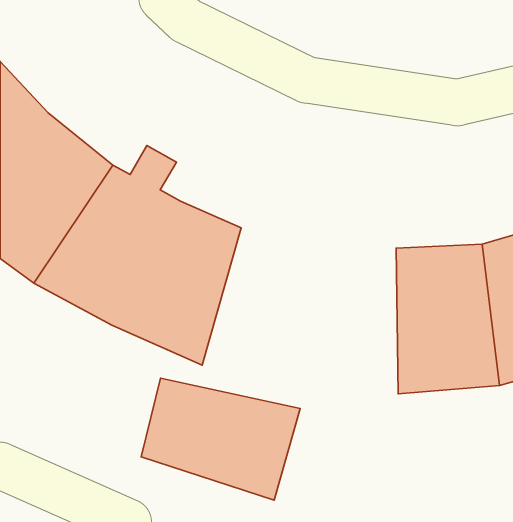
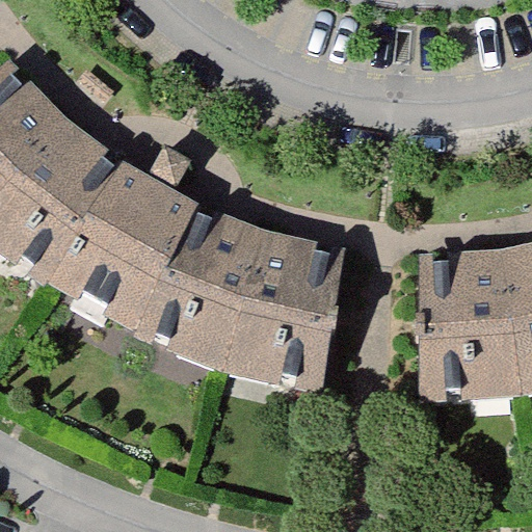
building: none -> [216,231,347,390]
building: [141,378,300,500] -> none

